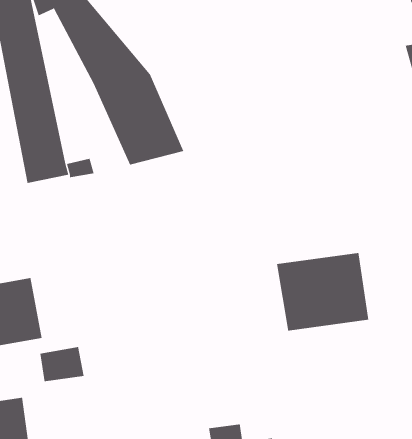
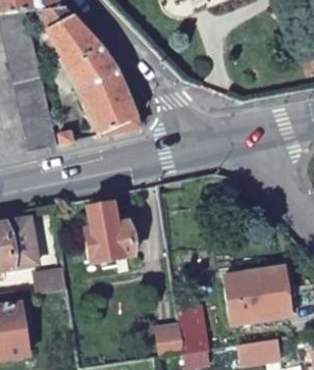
building: [276,252,369,331] -> [224,266,292,323]
building: none -> [85,202,135,261]

